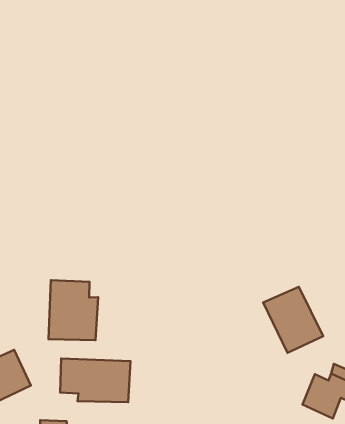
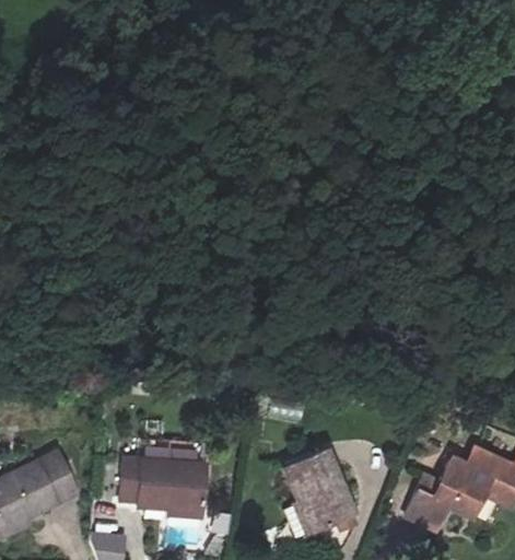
building: [48,280,98,340] -> none
building: [263,287,323,353] -> [283,443,359,526]

